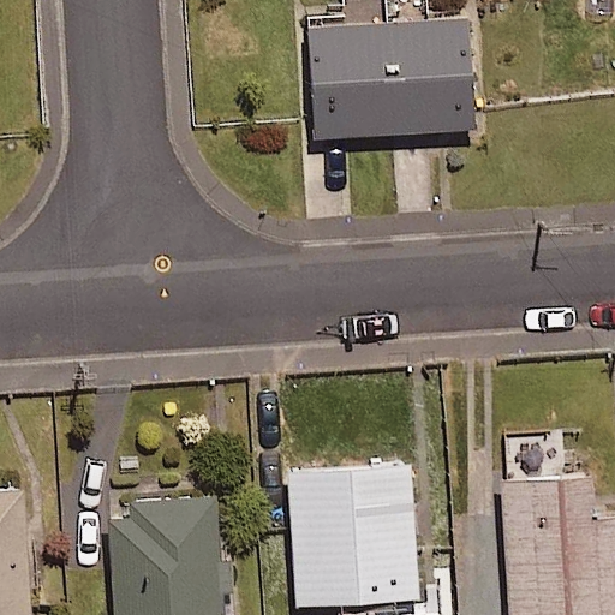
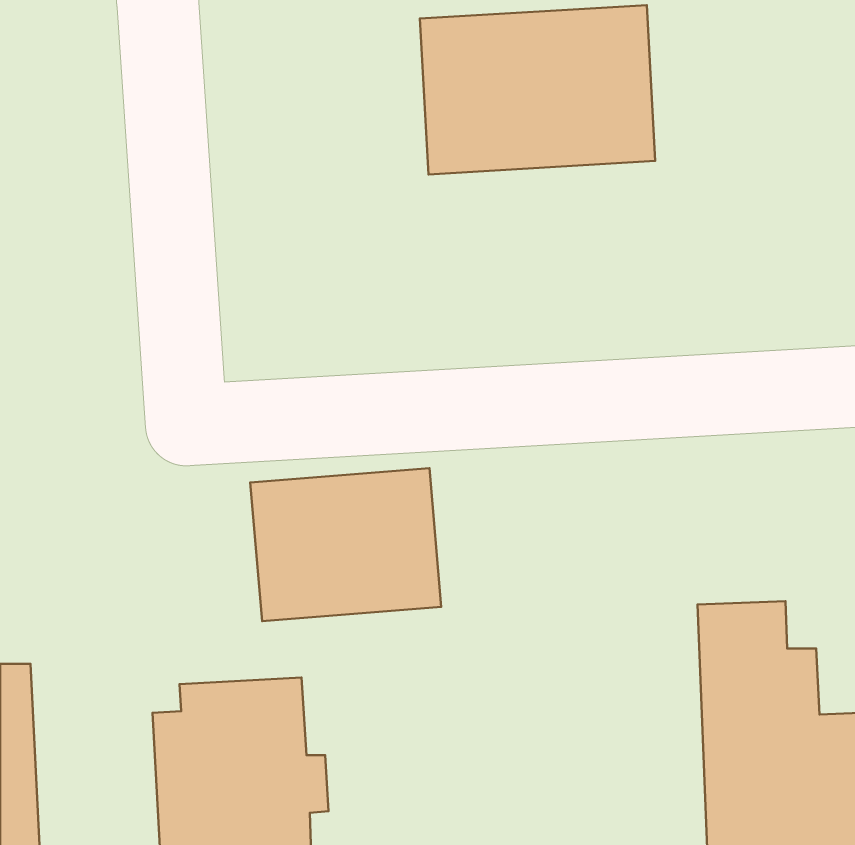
building: none -> [250,468,441,621]
building: [286,464,416,608] -> none

